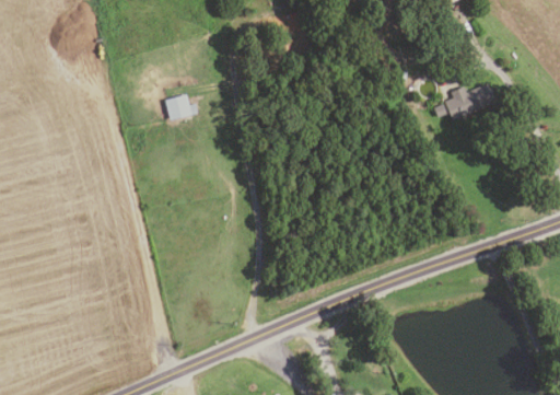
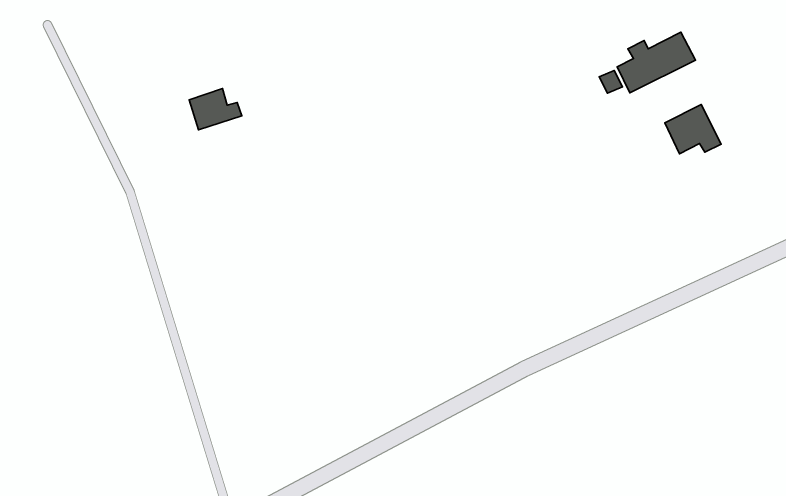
building: none -> [665,104,721,154]

